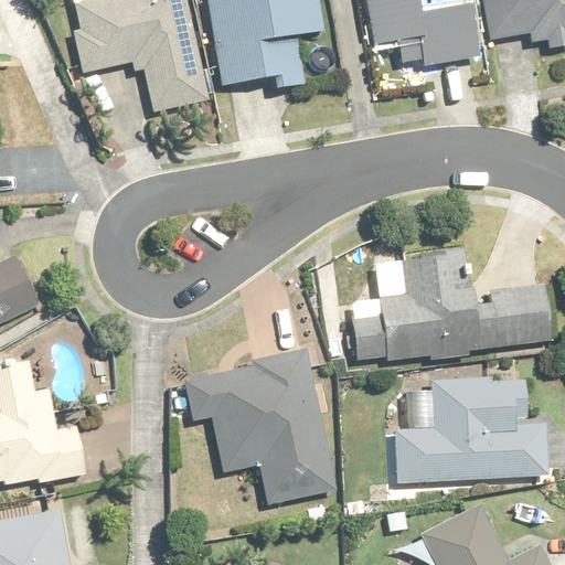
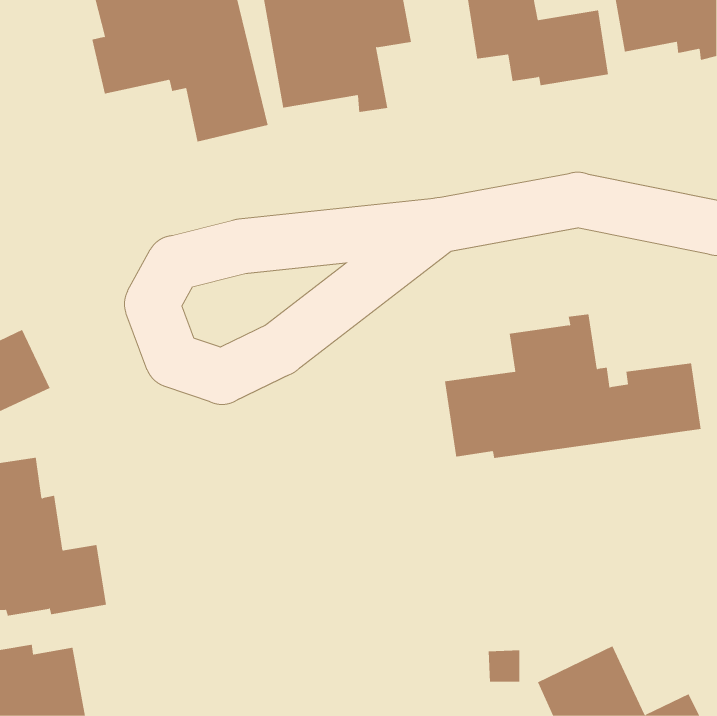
building: [188,349,339,503] -> none
building: [395,379,545,481] -> none

